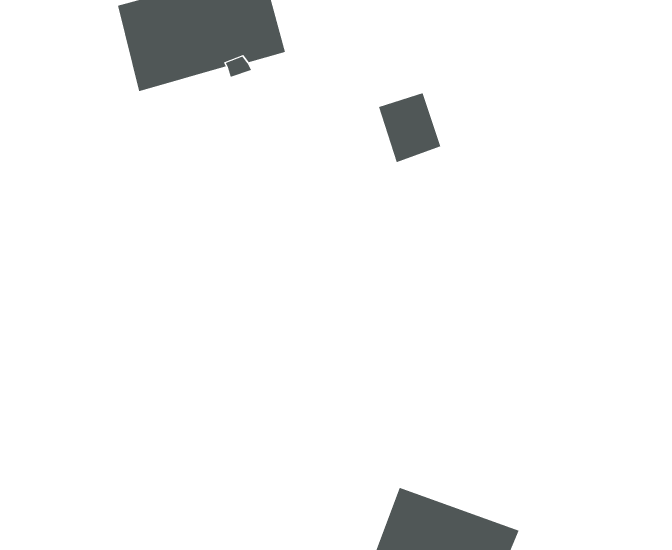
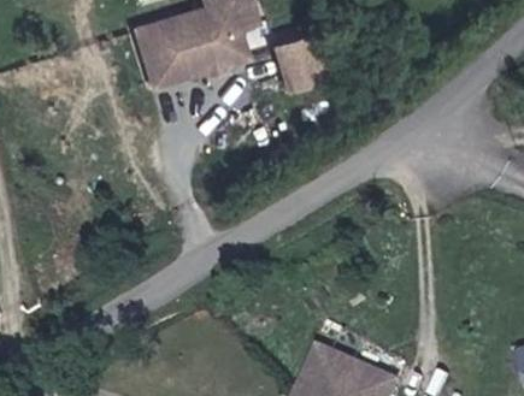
building: [378,93,441,163] -> [283,41,325,88]

